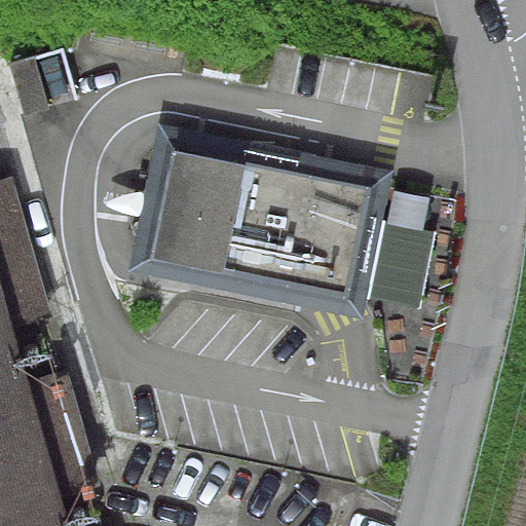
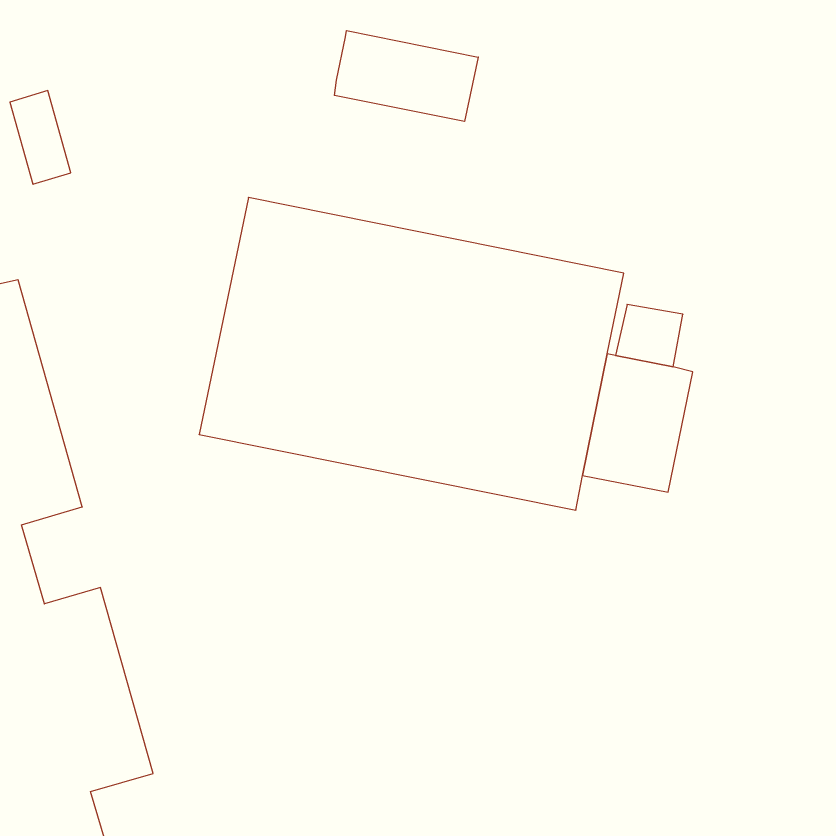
building: none -> [334,31,478,121]

